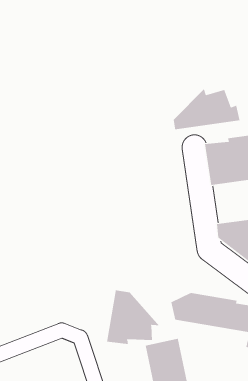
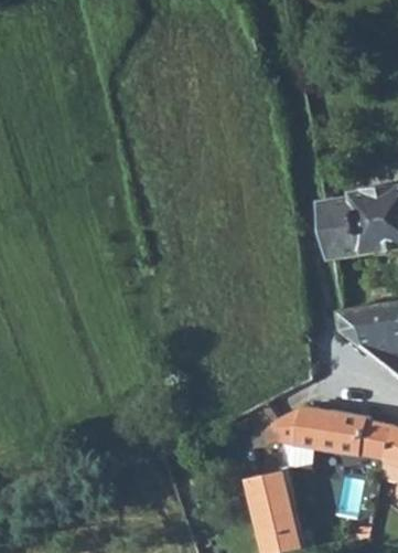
building: [173,88,240,130] -> none
building: [106,290,160,345] -> none

